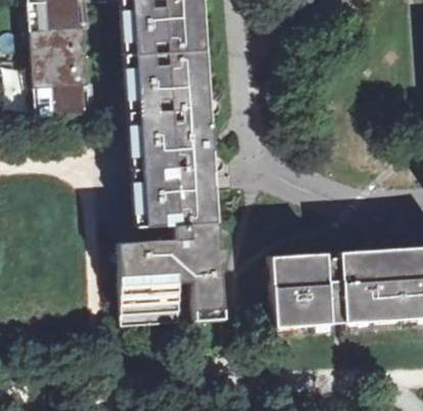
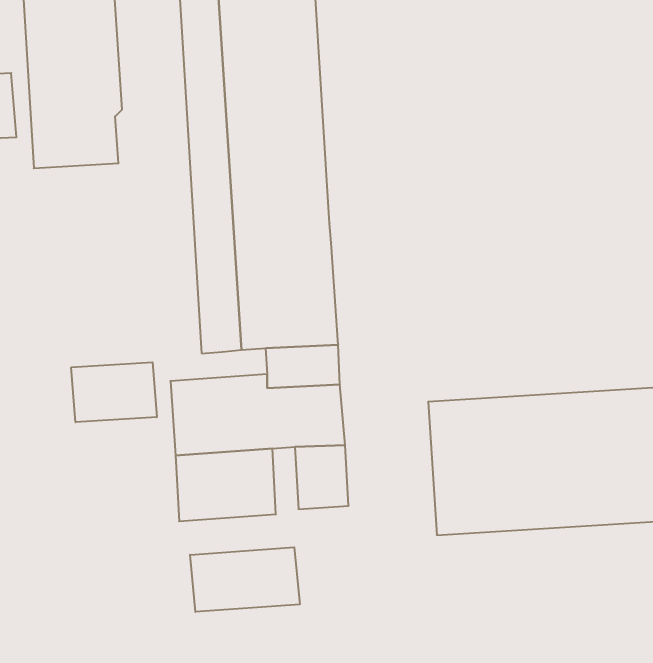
building: none -> [71,362,157,422]
building: none -> [190,547,300,612]

